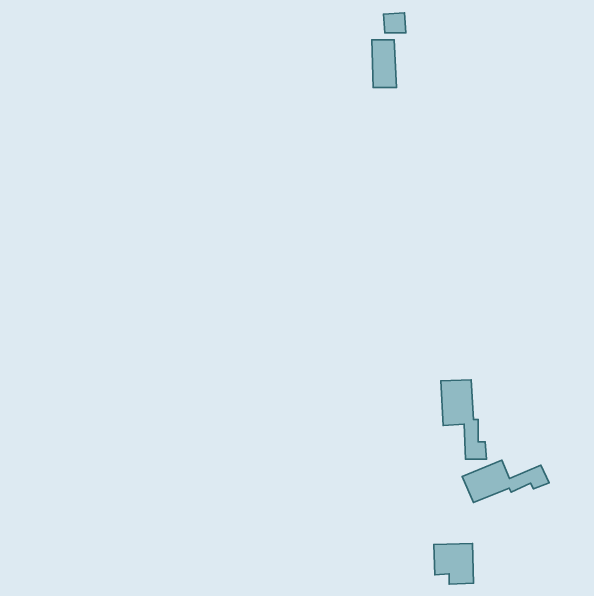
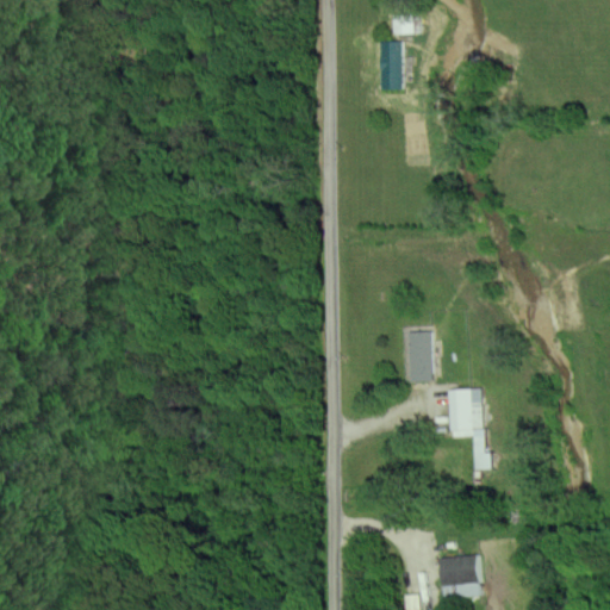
building: none -> [409,331,434,381]
building: [462,460,549,503] -> none

